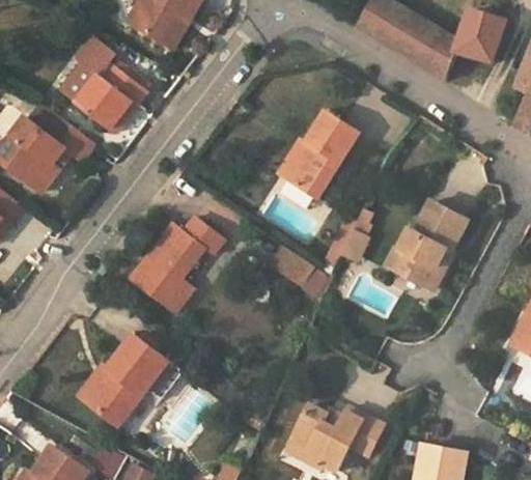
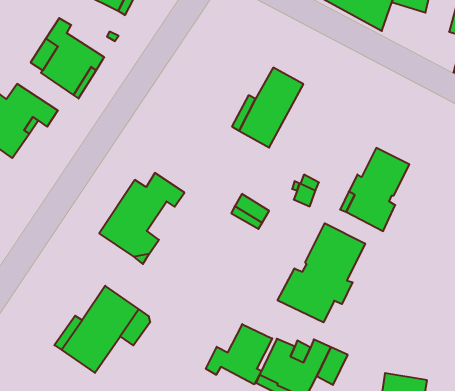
building: none -> [278,223,365,322]
building: none -> [206,324,272,384]

